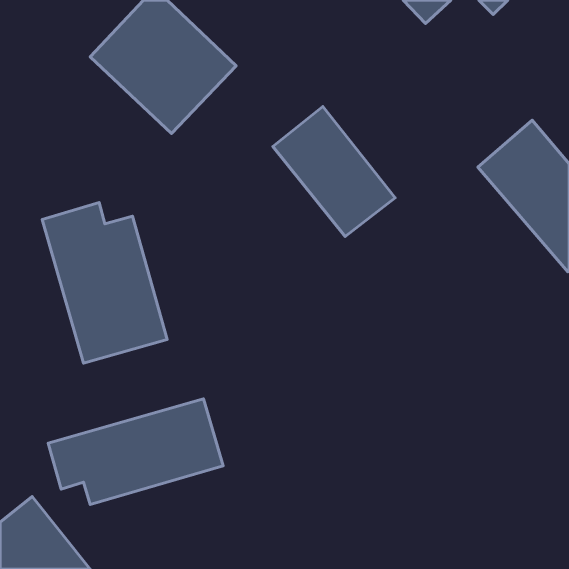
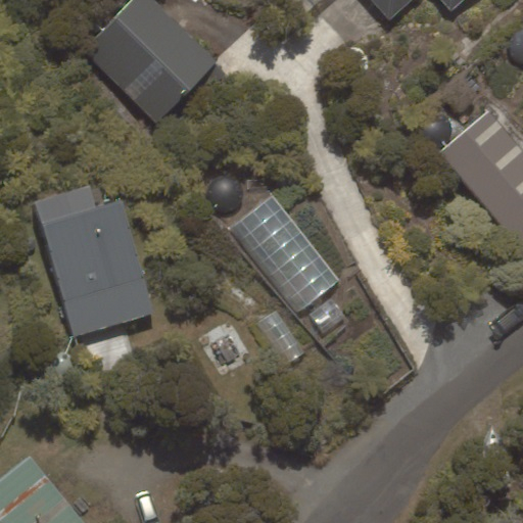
building: [273,106,395,237] -> [227,193,339,313]
building: [48,399,223,505] -> none

